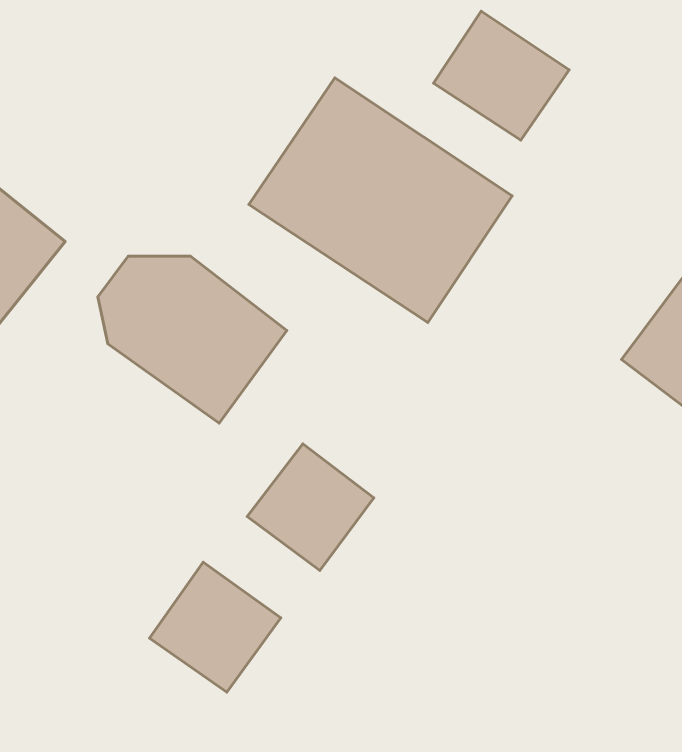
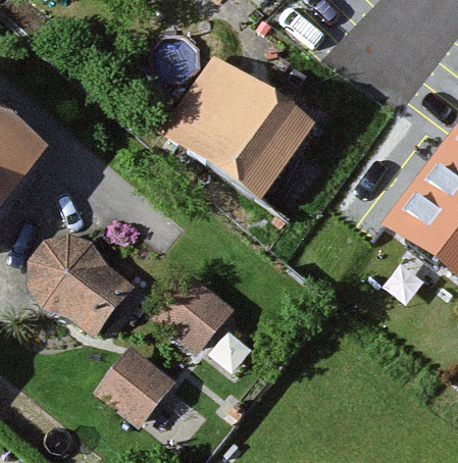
building: [434,11,569,140] -> none
building: [98,256,287,423] -> [22,236,137,337]

